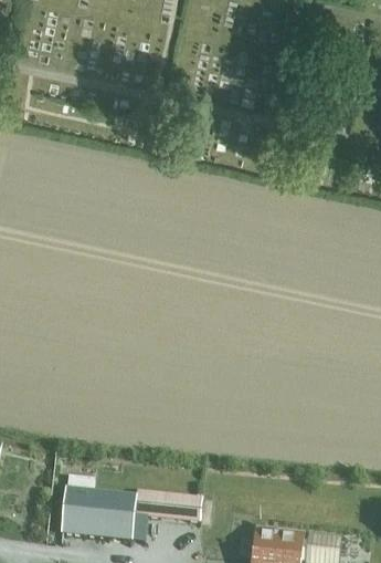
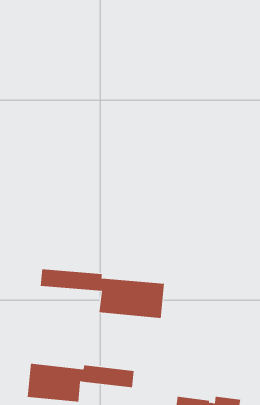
building: none -> [40,269,164,319]

